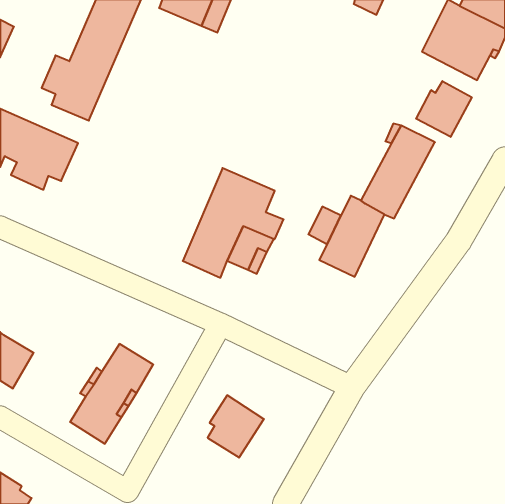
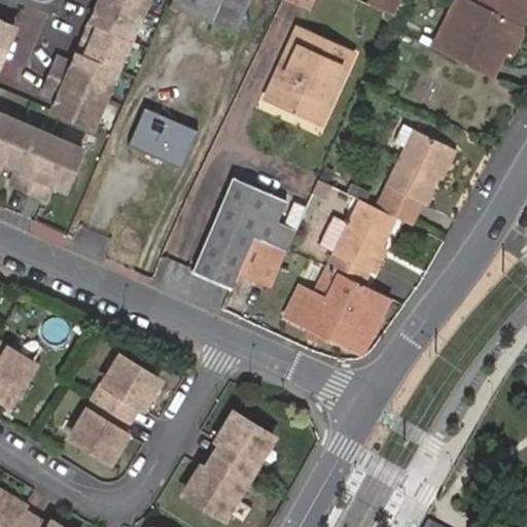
building: none -> [262,23,358,124]
building: [416,81,472,137] -> none
building: none -> [126,105,196,167]
building: none -> [290,271,388,349]
building: none -> [185,456,249,520]

